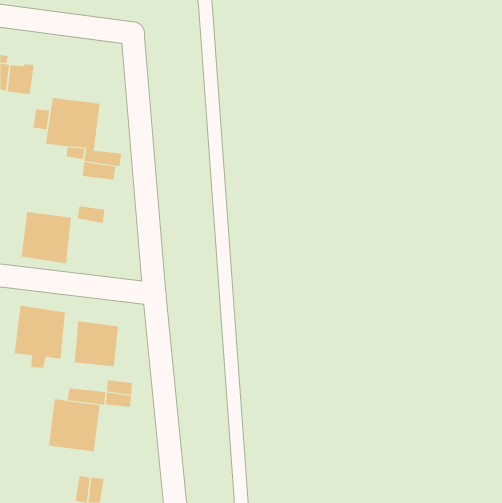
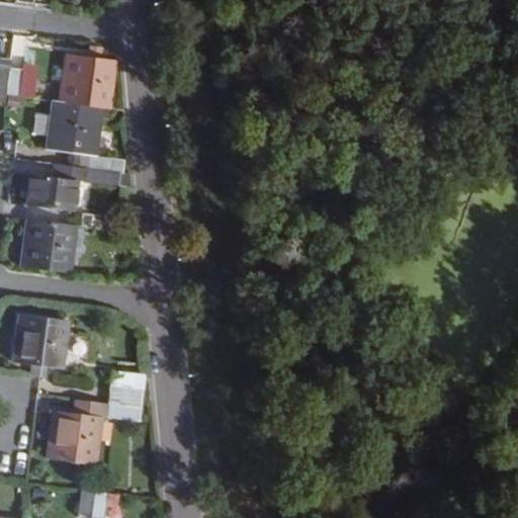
building: none -> [62,52,114,106]
building: none -> [27,174,74,210]
building: [74,321,118,367] -> none

